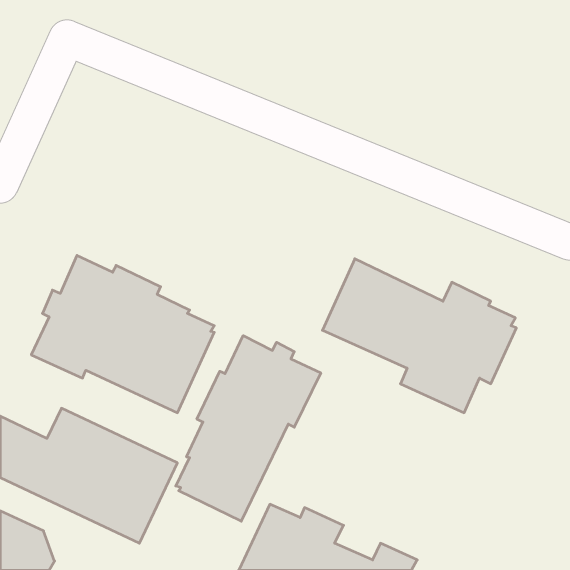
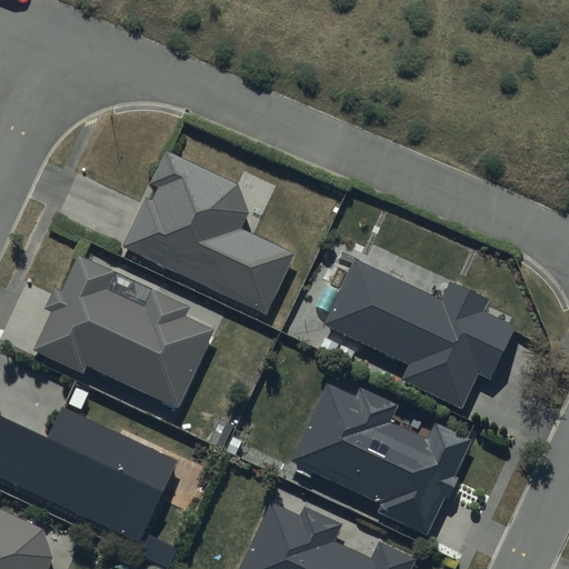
building: none -> [121,151,293,317]
building: [176,336,321,521] -> none
building: none -> [287,383,469,539]

